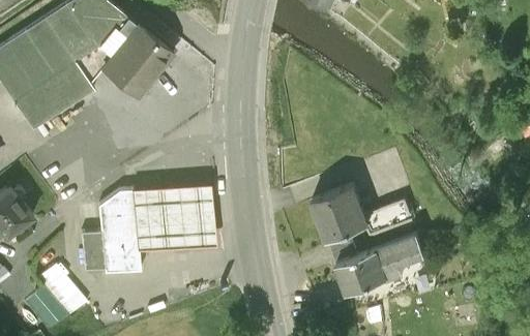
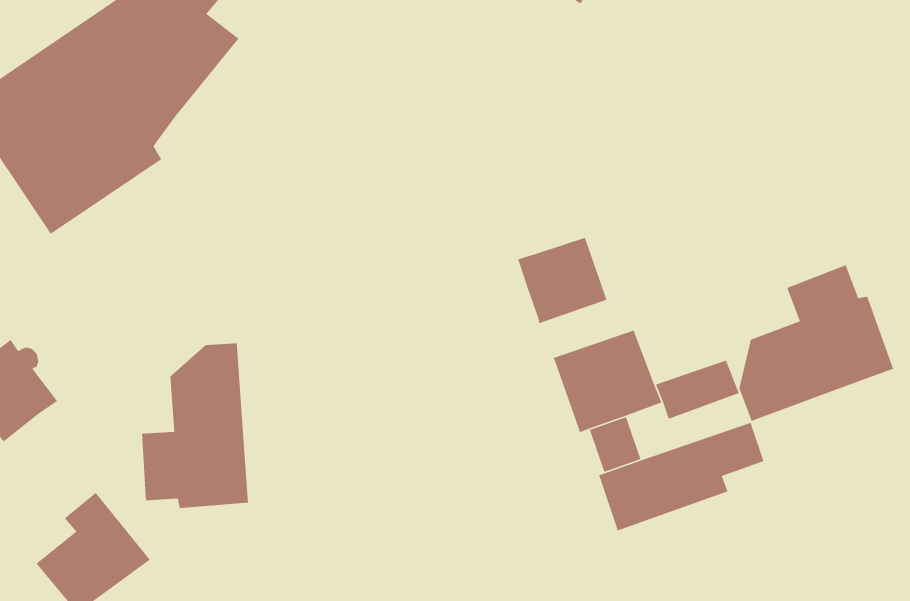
building: [101,22,173,95] -> none
building: none -> [517,237,608,324]
building: none -> [738,264,894,422]
building: [136,184,217,250] -> none

